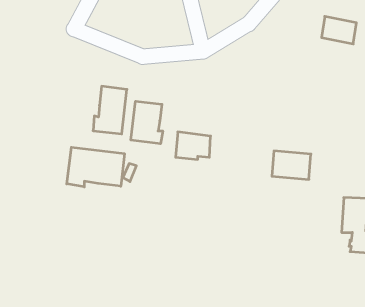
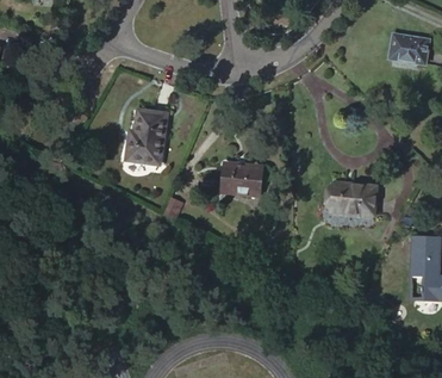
building: [131,101,163,144] -> none
building: [67,147,124,187] -> none

